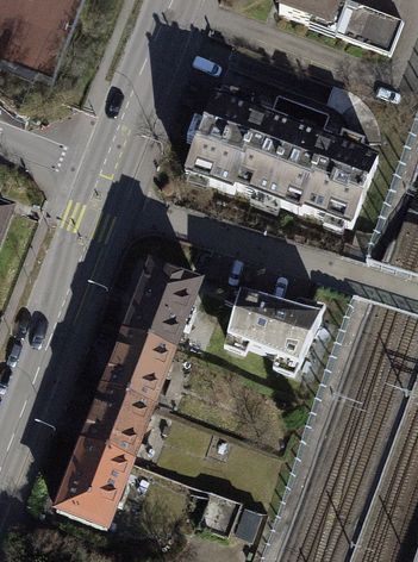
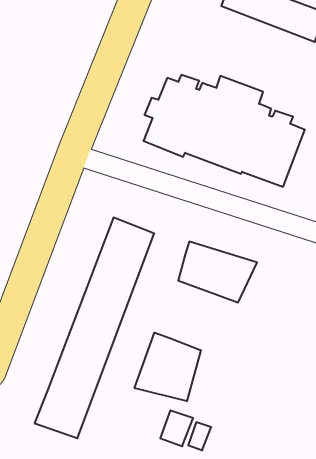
building: none -> [135,333,201,401]

